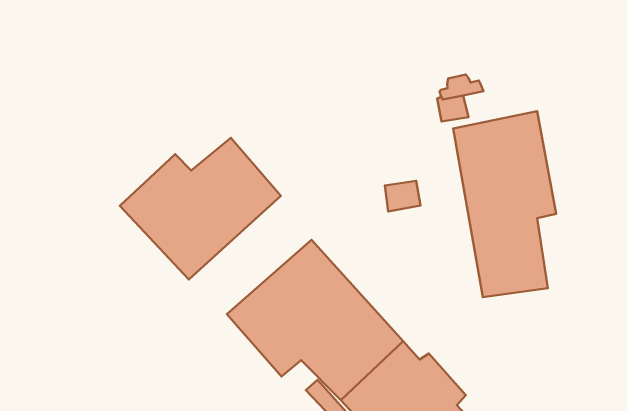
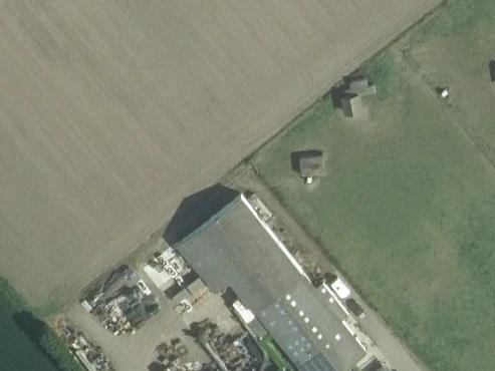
building: [453,111,556,297] -> none
building: [120,138,281,279] -> none

